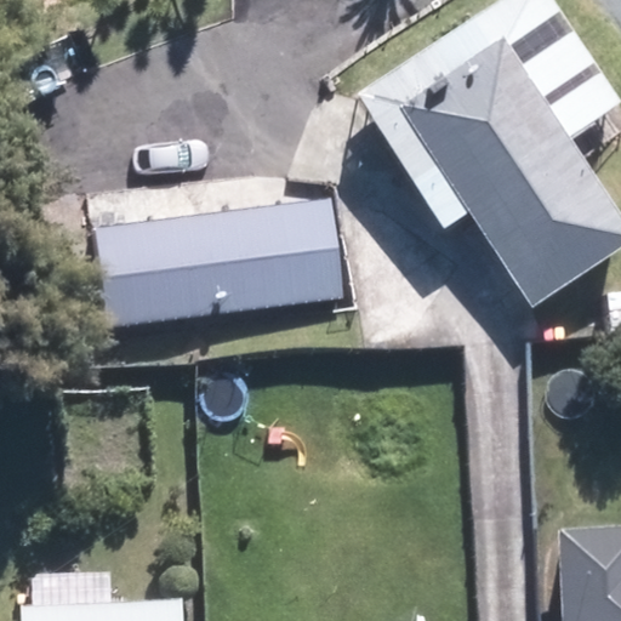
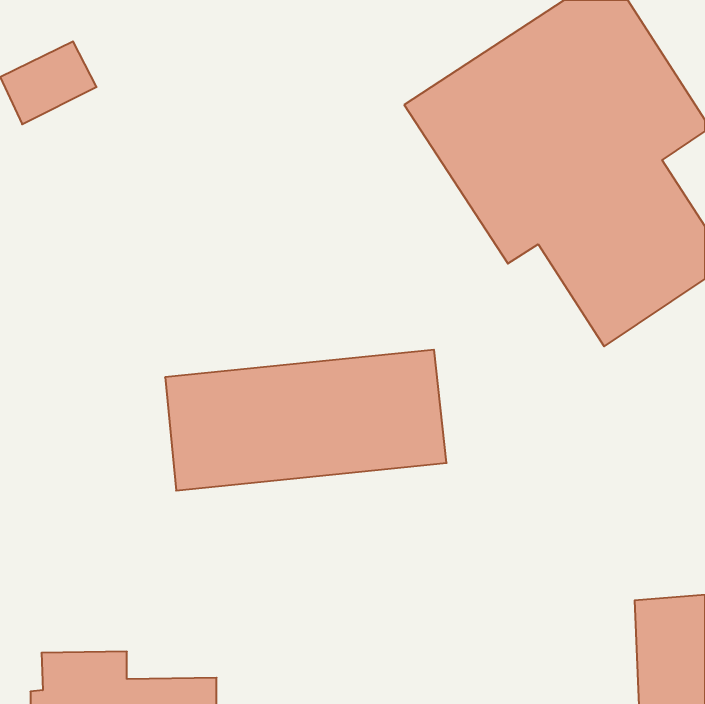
building: [98,201,346,325] -> [165,350,447,491]

